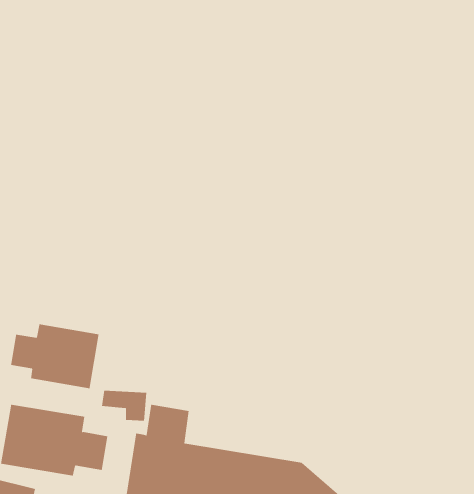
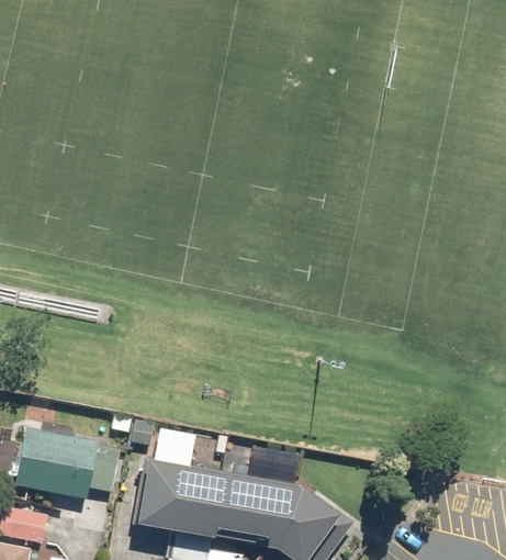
building: [10,323,99,389] -> none

